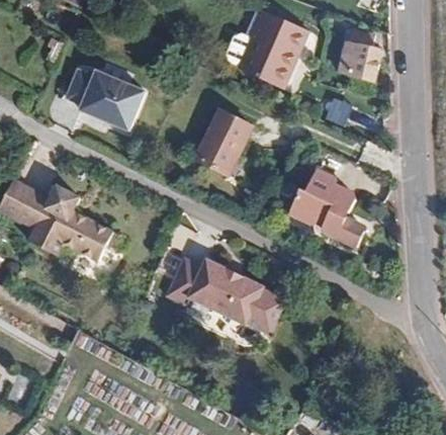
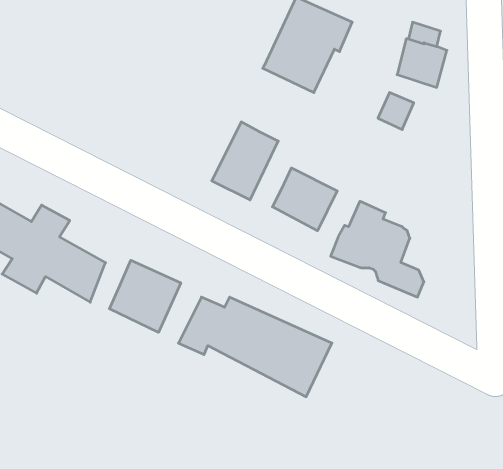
building: [69,67,149,128] -> none
building: none -> [272,168,337,231]
building: none -> [109,260,181,332]

